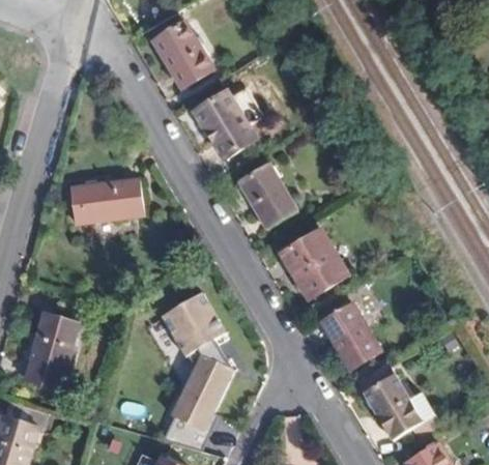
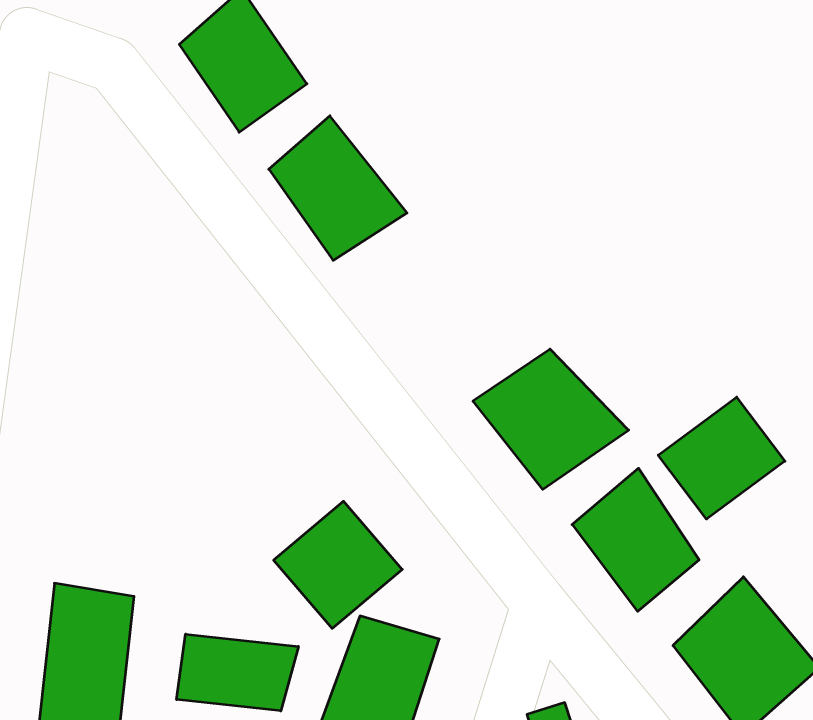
building: [232,161,298,230] -> none
building: [68,176,149,227] -> none
building: none -> [658,397,785,519]
building: none -> [177,634,298,711]

